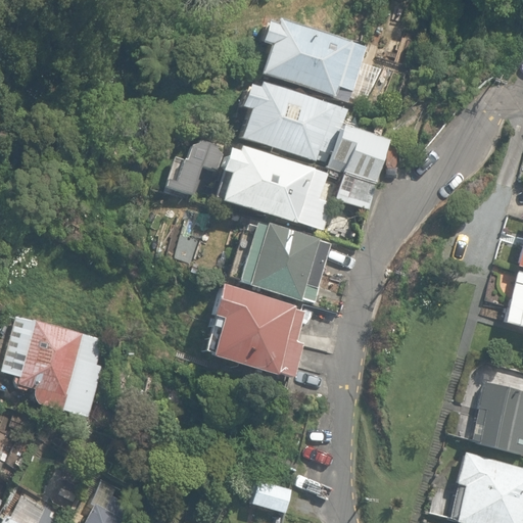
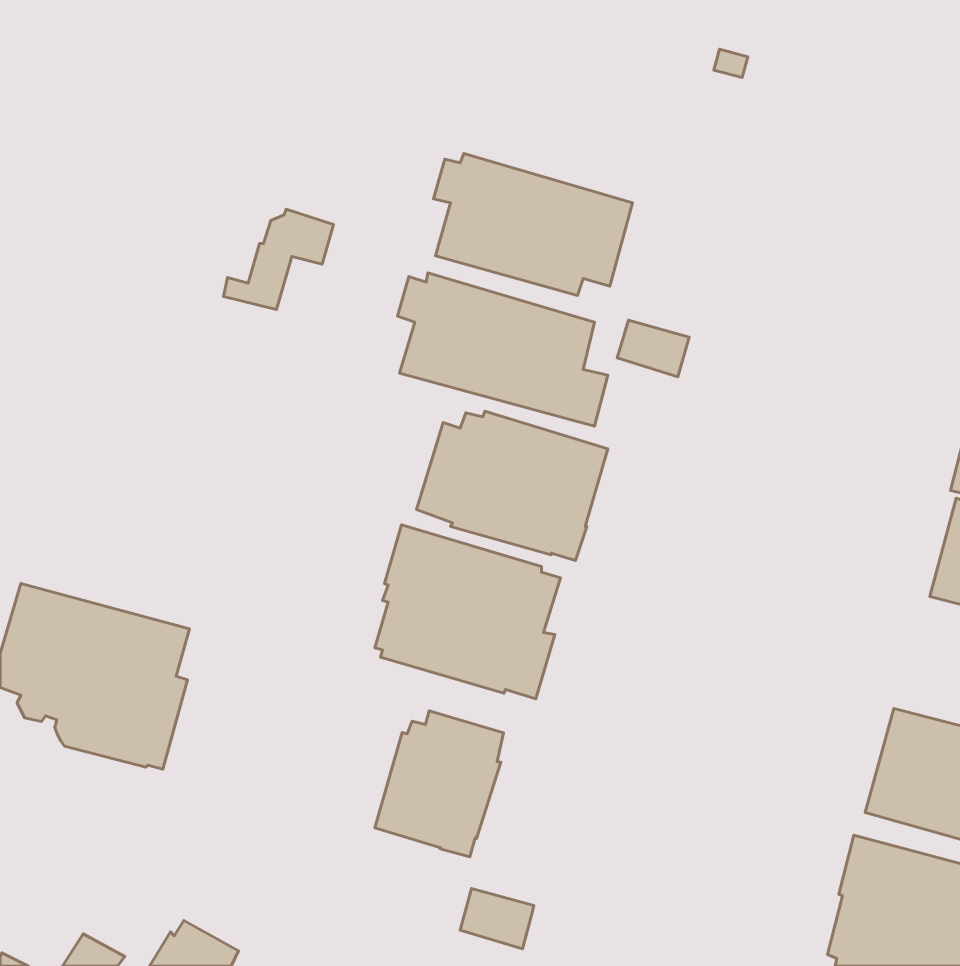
building: [249,14,380,102] -> none
building: [333,126,394,181] -> none
building: [165,141,225,195] -> [224,209,333,310]
building: none -> [375,711,504,857]

